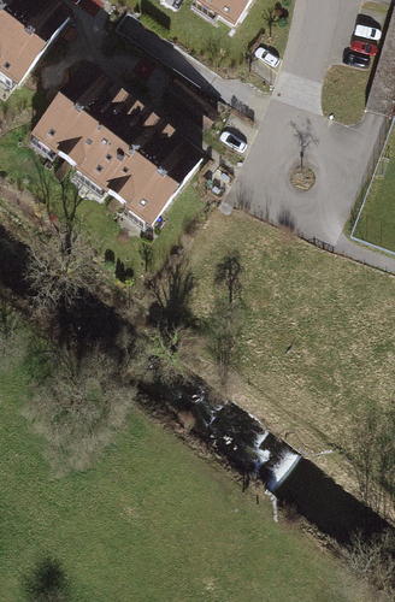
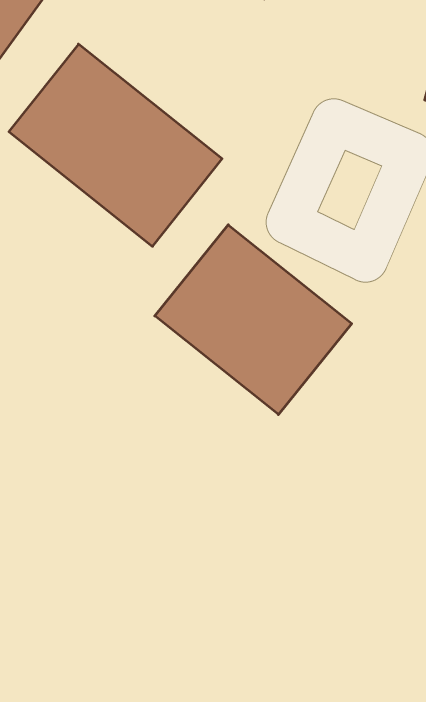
building: none -> [155,225,352,415]

